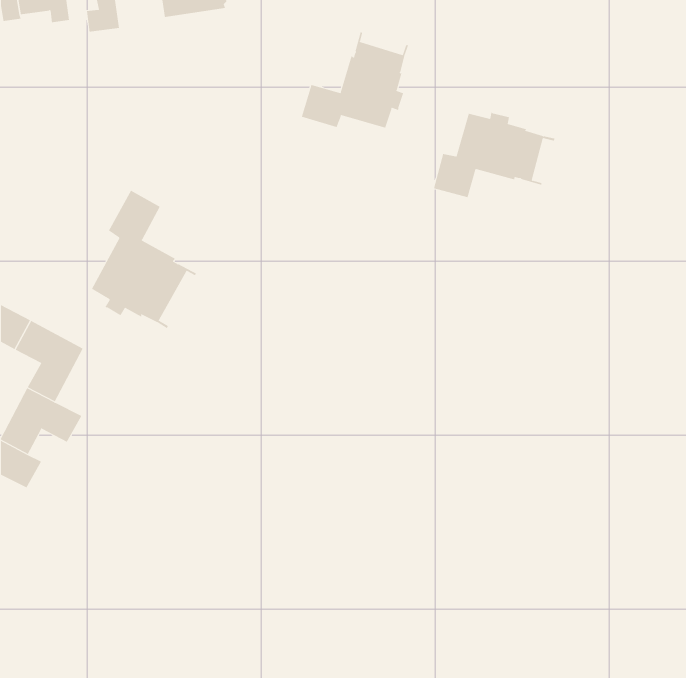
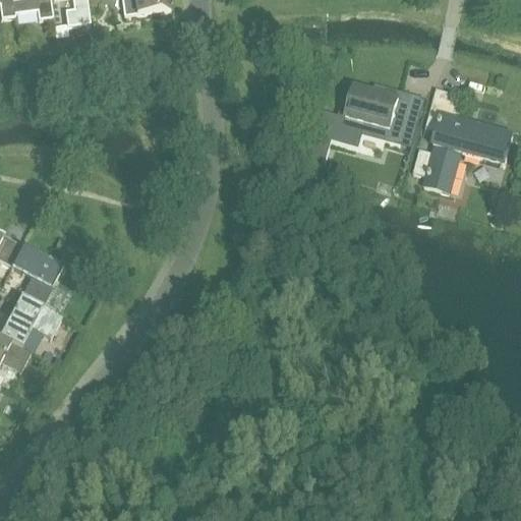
building: [301,31,409,128] -> none
building: none -> [414,86,514,191]
building: [91,190,197,329] -> none

